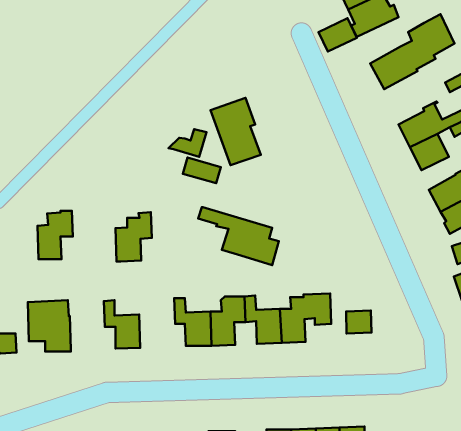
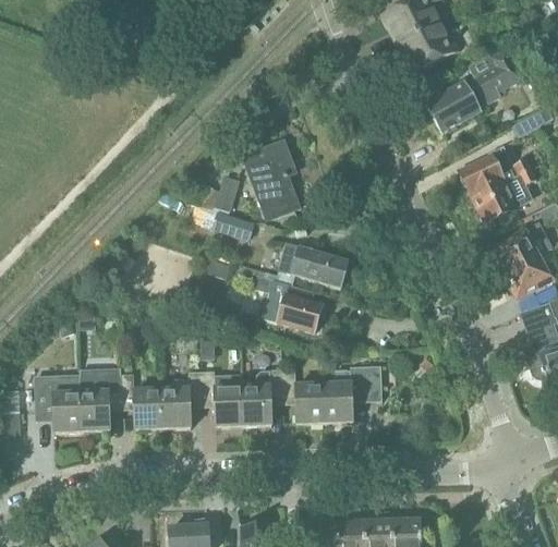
building: [318,18,357,52] -> none
building: none -> [235,243,349,289]
building: [38,211,73,259] -> [83,375,123,430]
building: [116,212,152,262] -> [162,372,204,428]
building: [346,310,371,334] -> none

